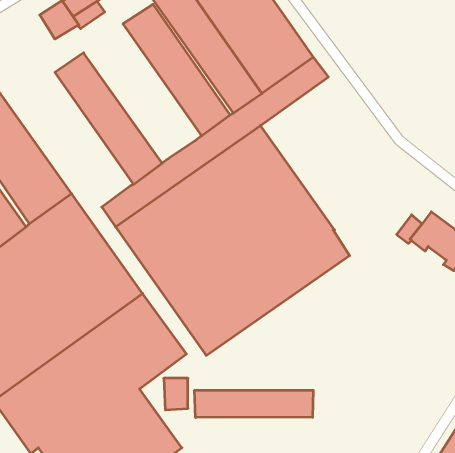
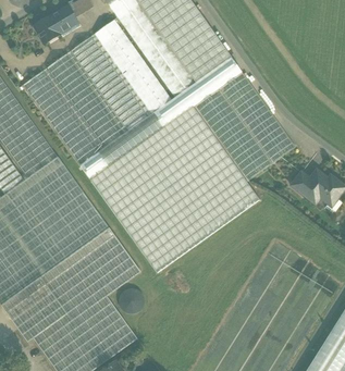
building: none -> [71,37,147,131]
building: none -> [23,70,100,165]
building: none -> [194,72,295,182]
building: [195,390,313,418] -> none

